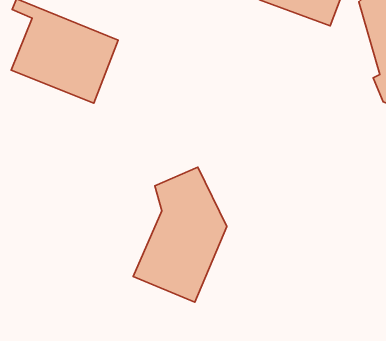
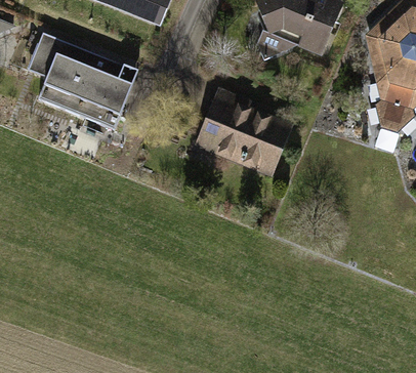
building: none -> [201,89,299,176]
building: [133,167,227,302] -> none

